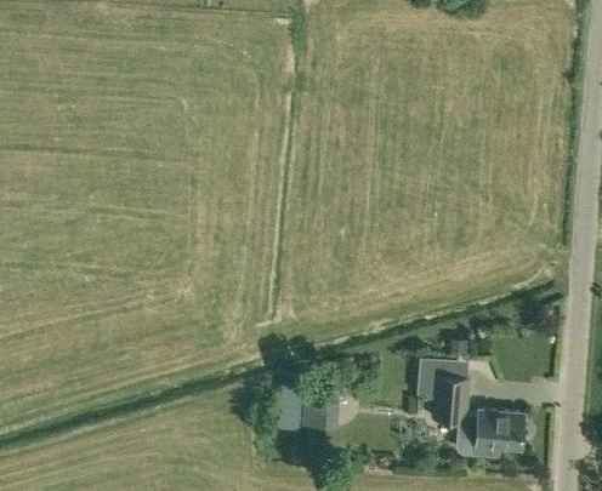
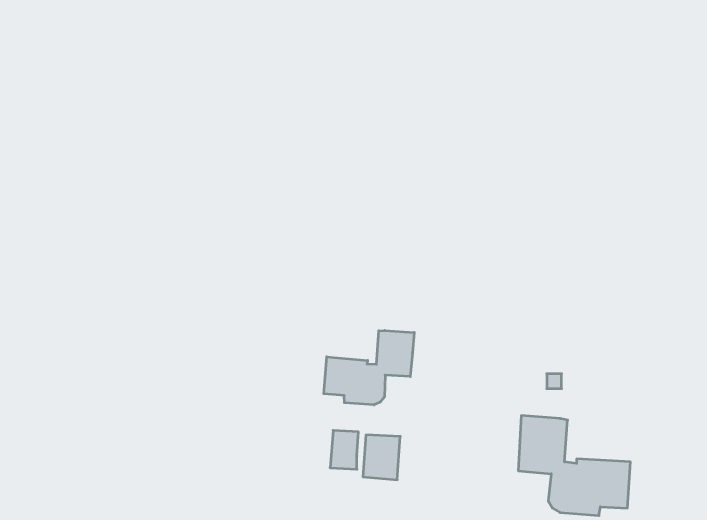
building: none -> [324,330,414,405]

